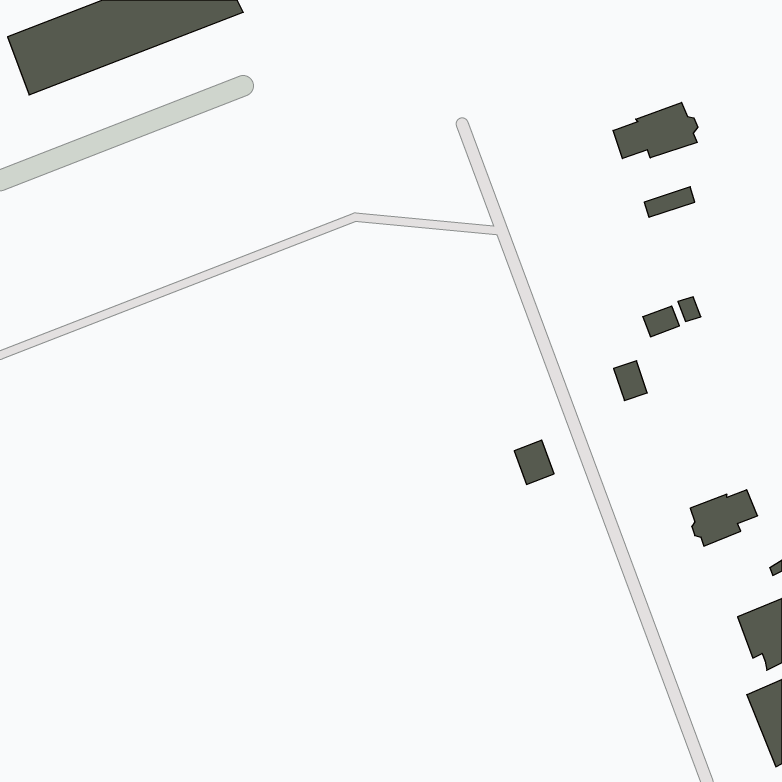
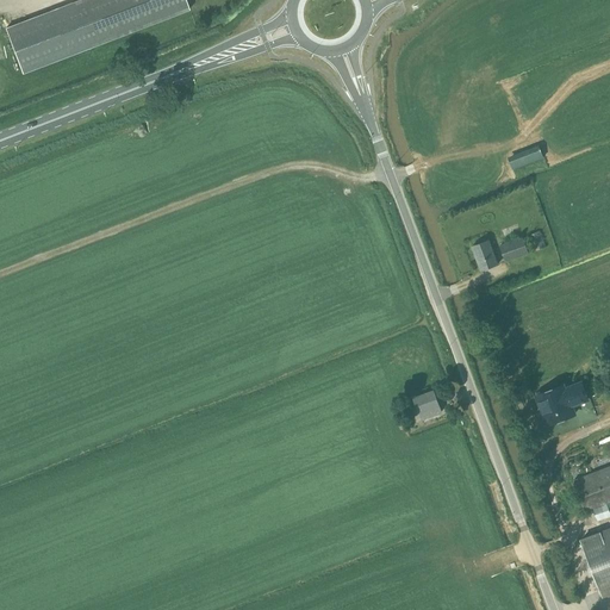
building: [613,102,698,159] -> none
building: [614,361,647,401] -> [473,241,499,272]
building: [514,440,554,484] -> [412,388,443,423]

